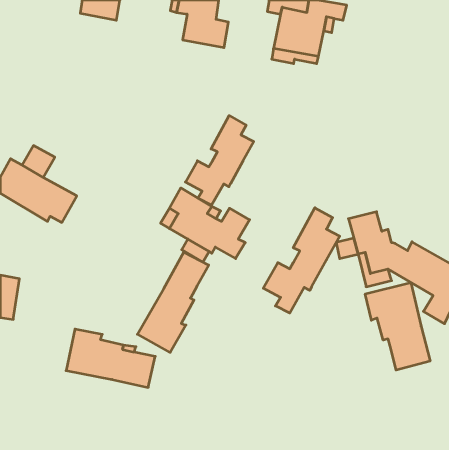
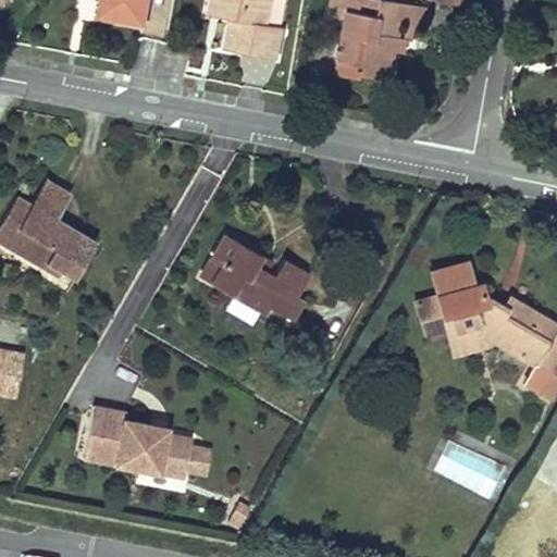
building: [185,116,254,205] -> none
building: [263,208,340,313] -> none
building: [137,252,209,352] -> none
building: [365,283,430,370] -> none

